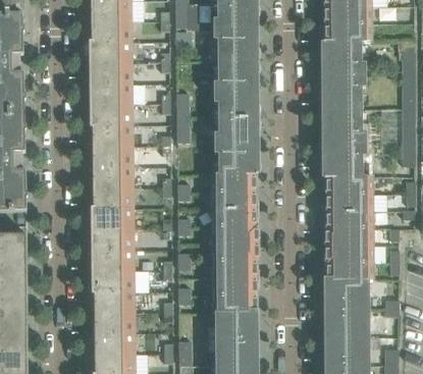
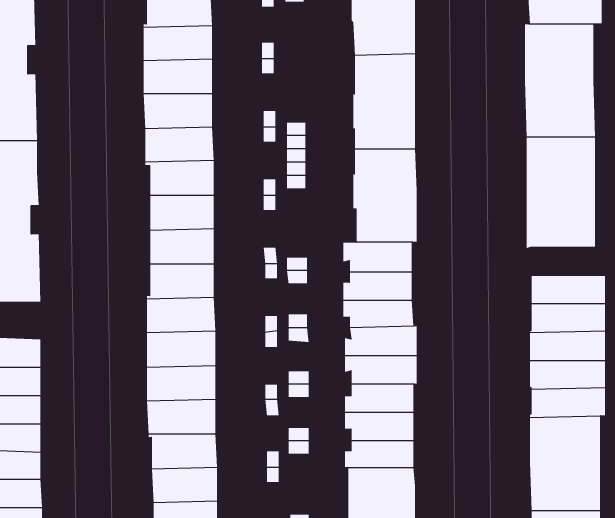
building: [326,177,372,195] -> none

